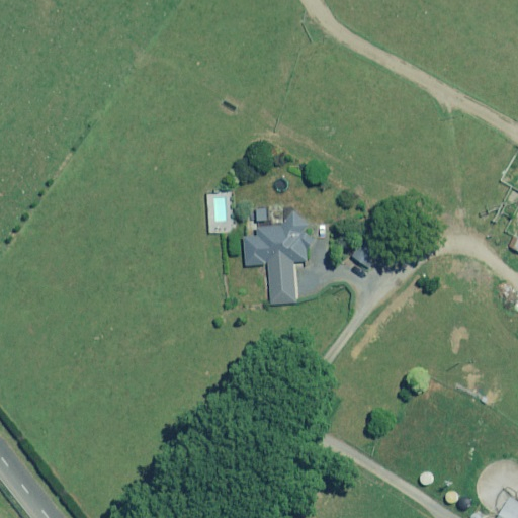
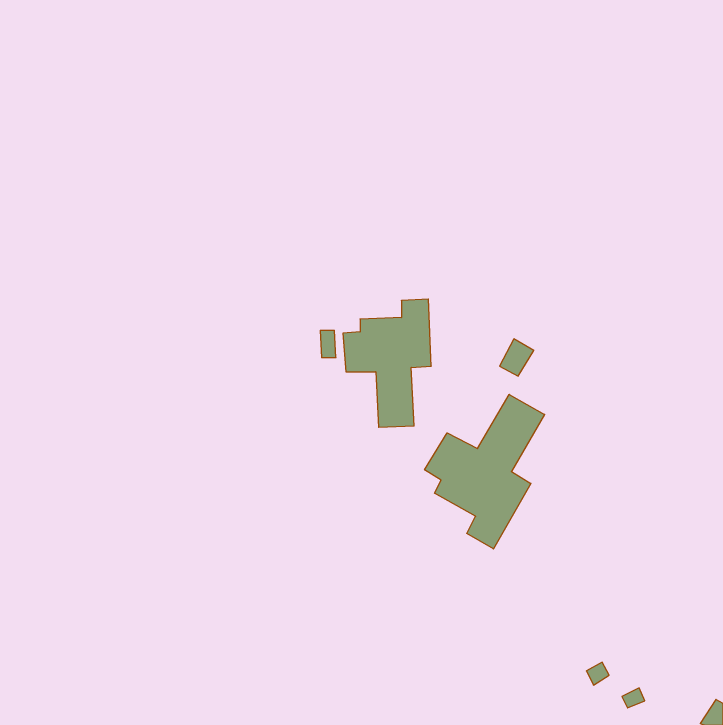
building: none -> [425,394,545,549]

